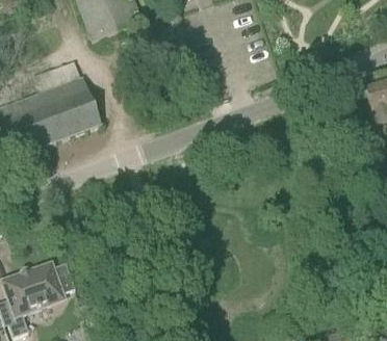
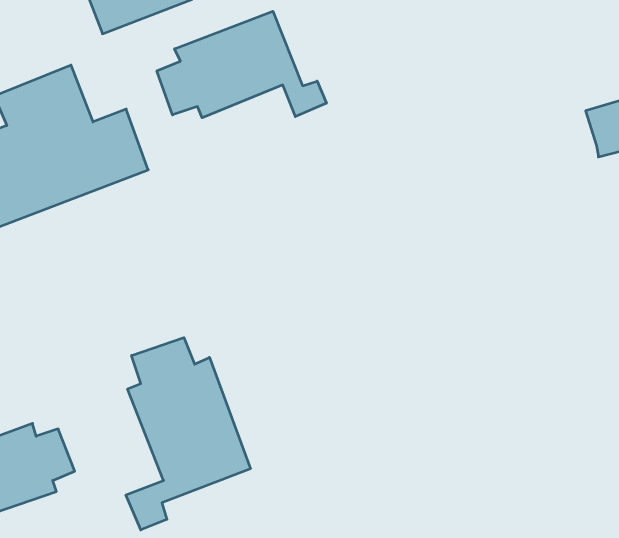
building: none -> [157,11,326,118]
building: none -> [126,338,250,530]

